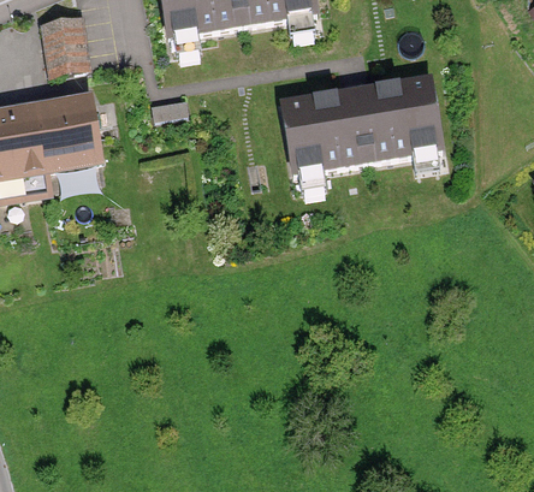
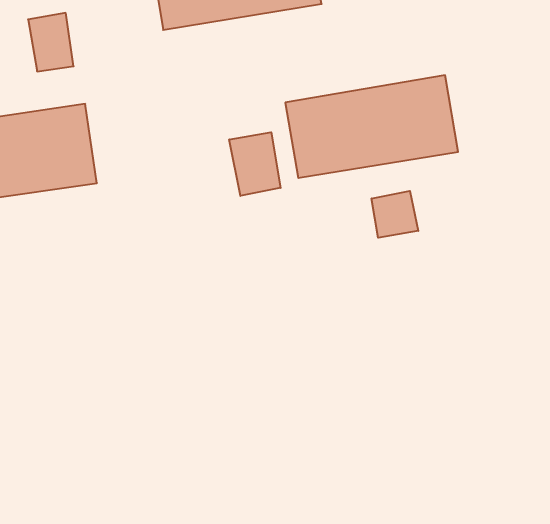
building: none -> [229,132,281,196]
building: none -> [372,191,418,238]

